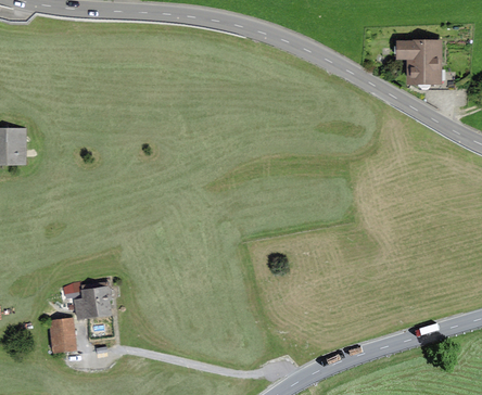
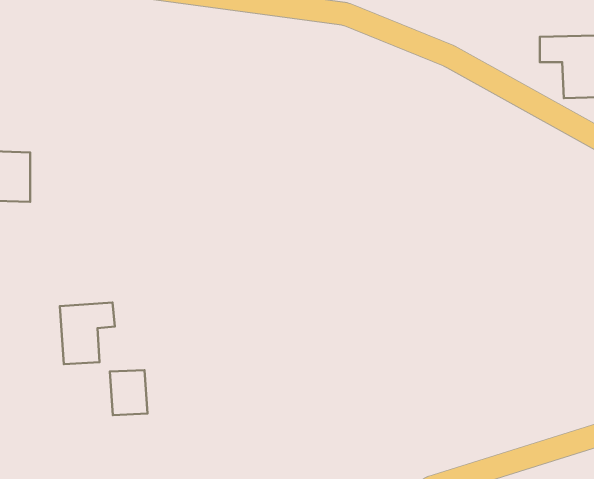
building: none -> [60,302,115,364]
building: [48,315,75,348] -> none

